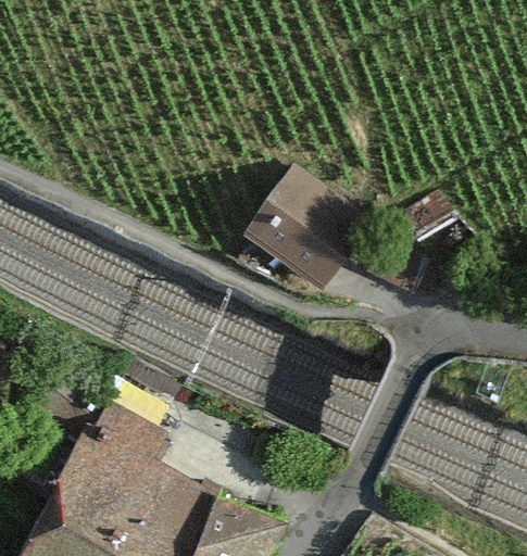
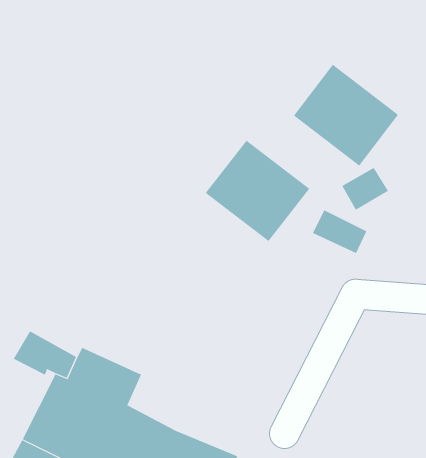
building: none -> [293,64,399,167]

